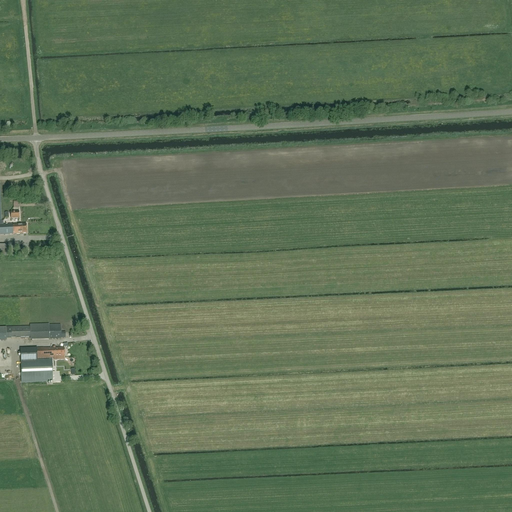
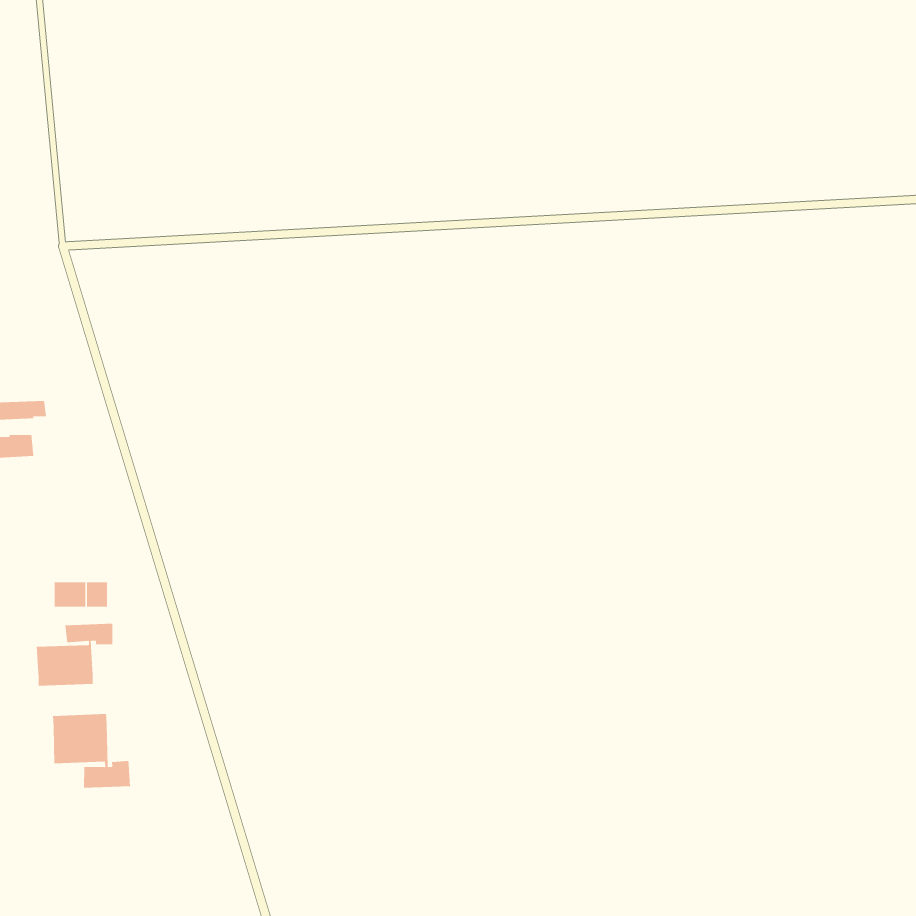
building: none -> [53,713,131,788]

